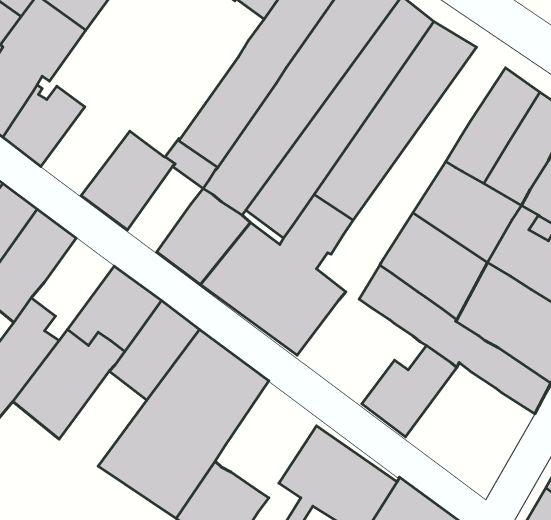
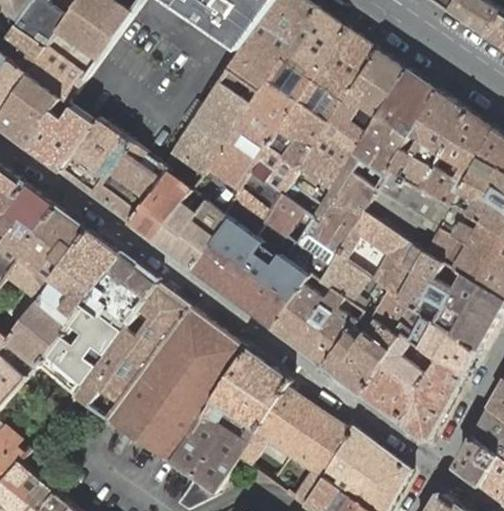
building: none -> [285,75,440,282]
building: none -> [59,120,132,197]
building: none -> [130,173,192,243]
building: none -> [51,232,119,316]
building: none -> [269,283,357,368]
building: none -> [358,334,464,441]
building: none -> [74,341,146,419]
building: none -> [202,349,289,445]

